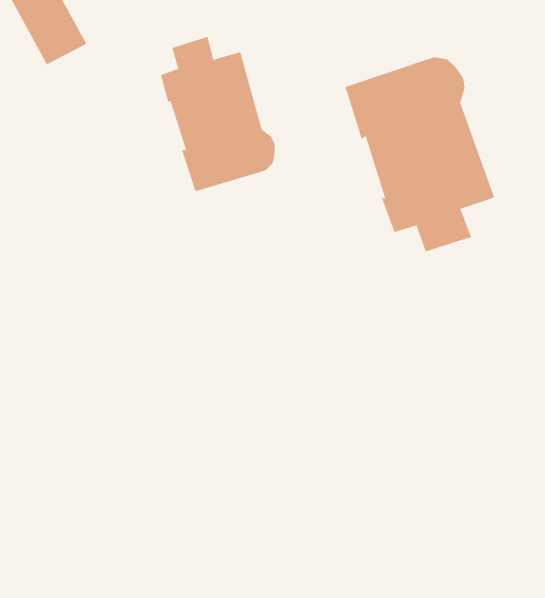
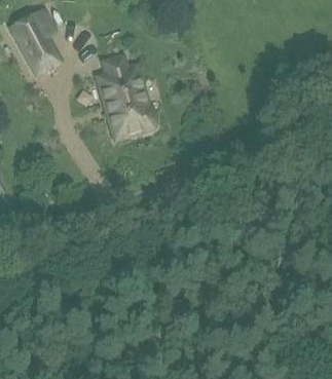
building: [345,57,495,252] -> none

